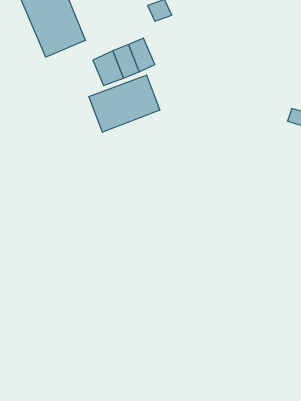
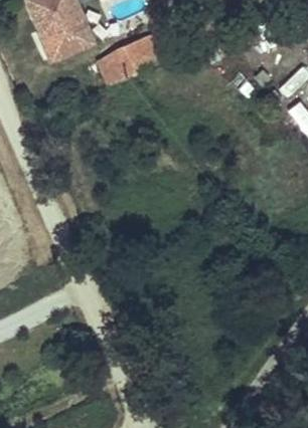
building: [89,75,160,132] -> none

